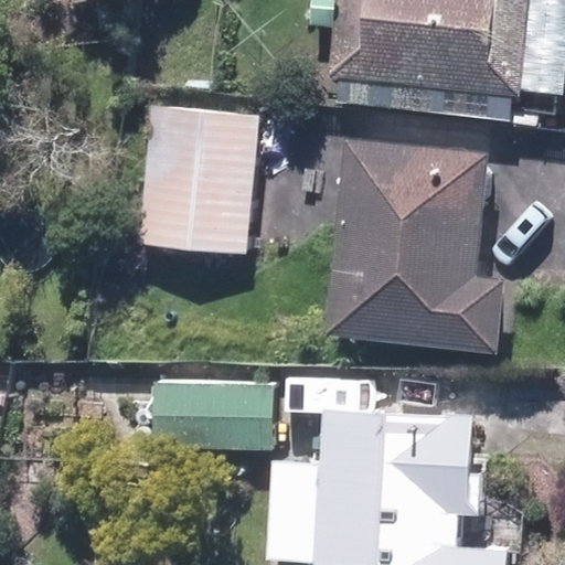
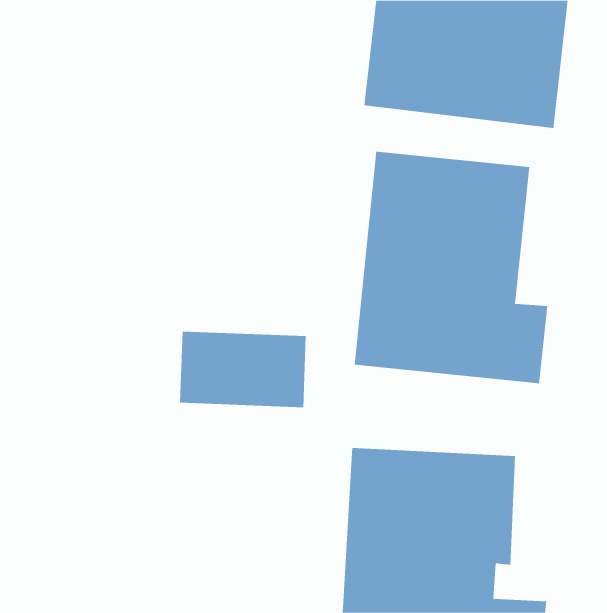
building: [135,106,257,255] -> none
building: [153,382,270,452] -> [179,331,306,408]

